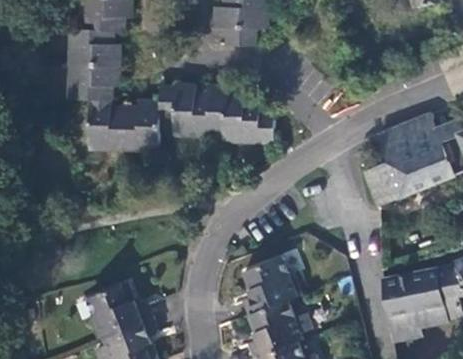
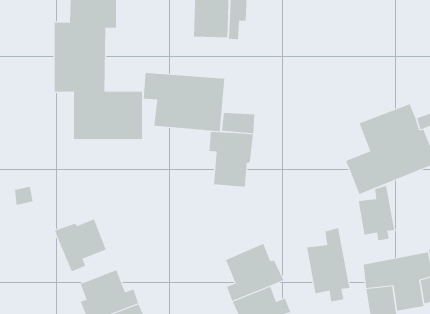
building: none -> [209,131,253,188]
building: none -> [358,185,395,241]
building: none -> [54,218,106,272]
building: none -> [306,227,350,302]

